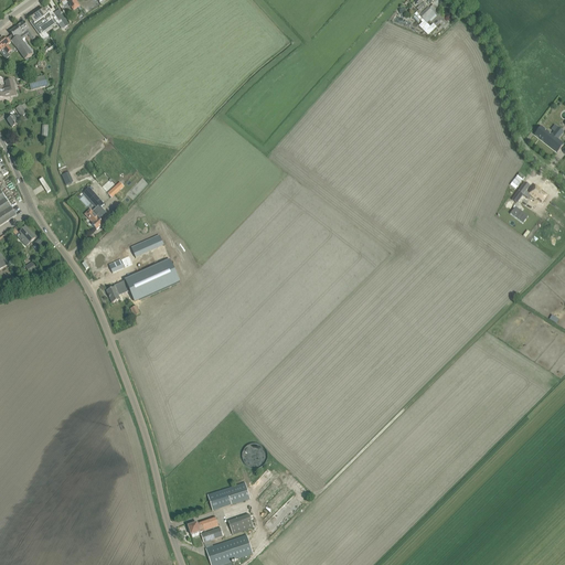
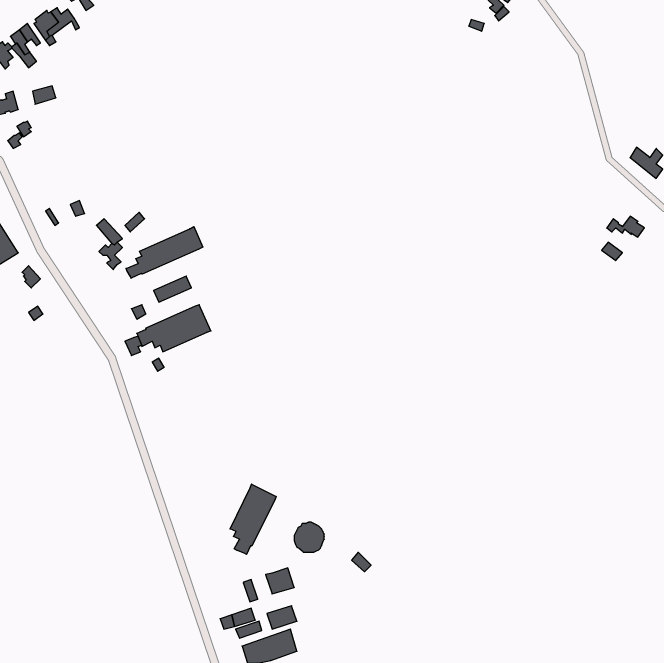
building: none -> [126,227,203,278]
building: none -> [230,484,276,554]

